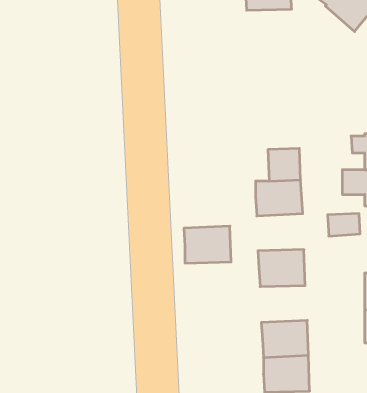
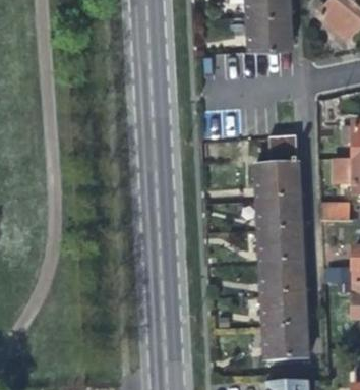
building: none -> [248,13,291,49]
building: [184,226,231,263] -> [257,199,300,232]
building: none -> [260,264,303,297]

